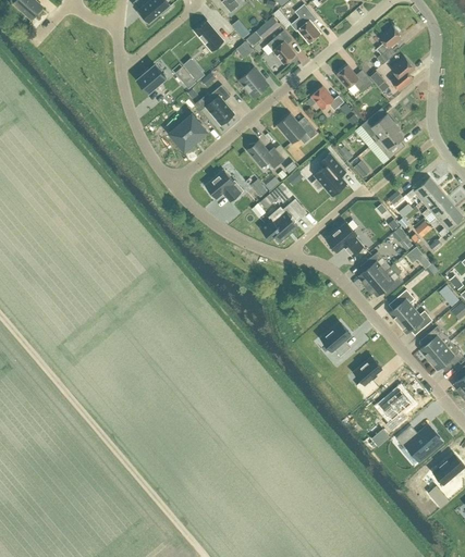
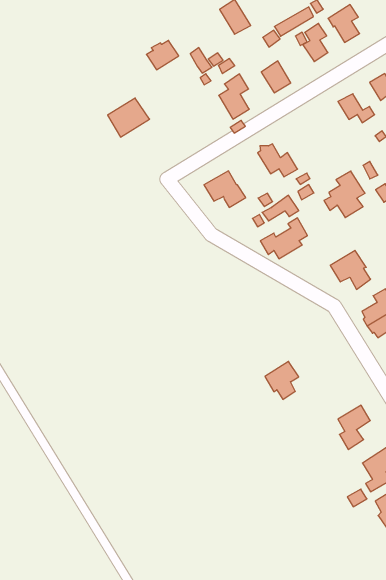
building: [277,113,317,143] -> none
building: [170,114,207,150] -> [108,98,150,137]
building: [321,322,351,356] -> [265,361,299,399]

